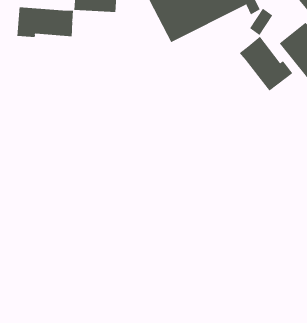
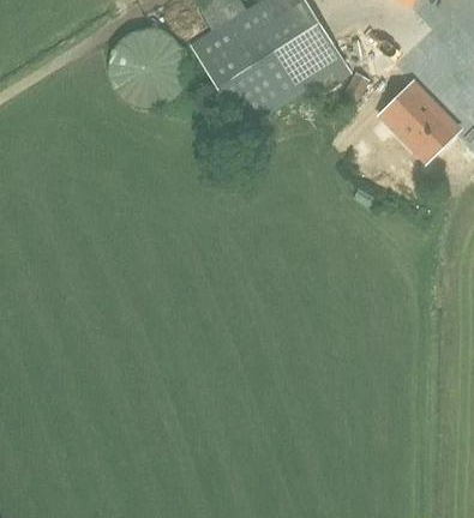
building: [17,7,74,38] -> none
building: [239,36,293,92] -> none

